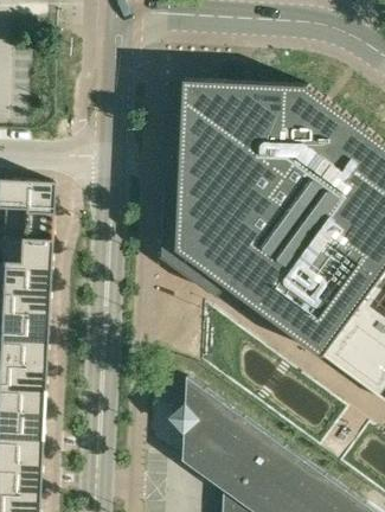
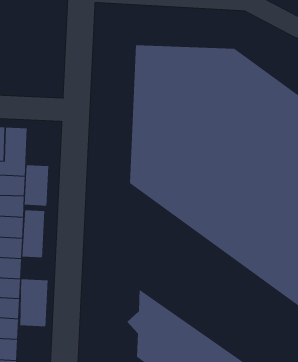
building: none -> [24,164,49,207]
building: none -> [22,210,45,258]
building: none -> [20,278,48,327]

